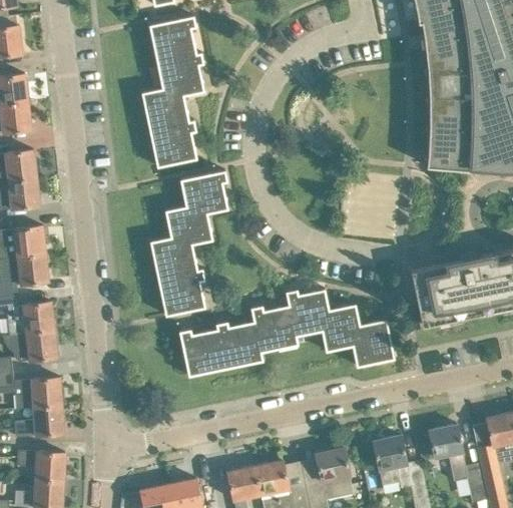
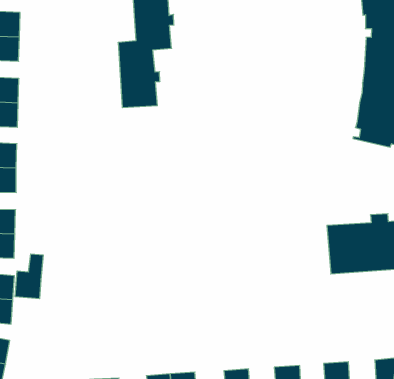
building: [150,170,228,316] -> none
building: [179,289,395,377] -> none
building: none -> [15,254,43,299]

